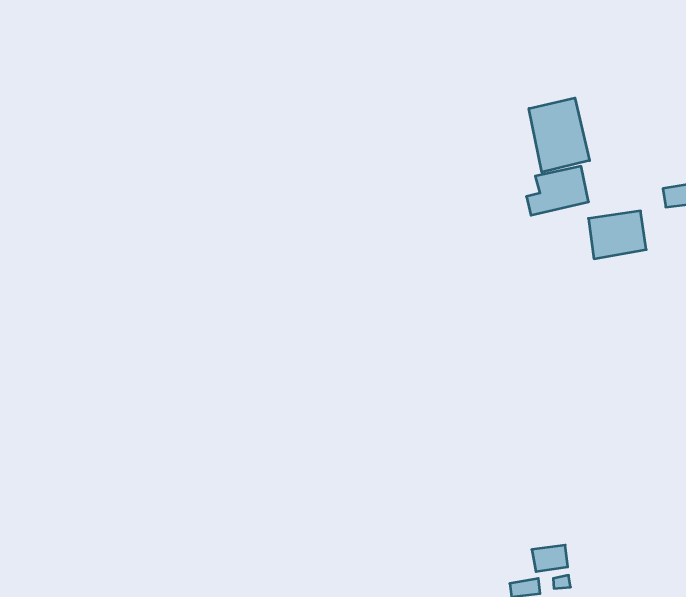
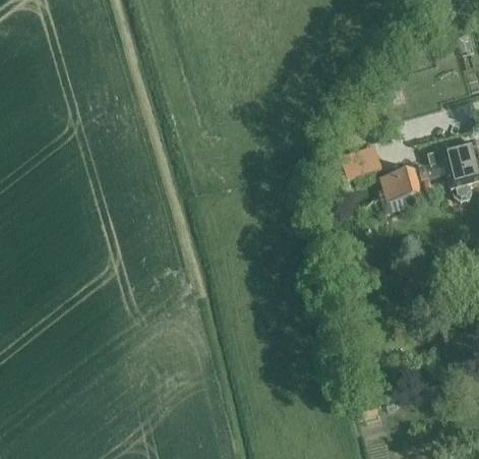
building: [529,98,590,172] -> none

